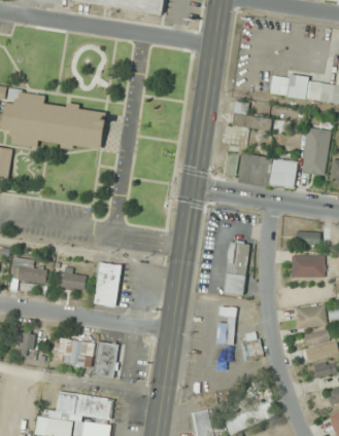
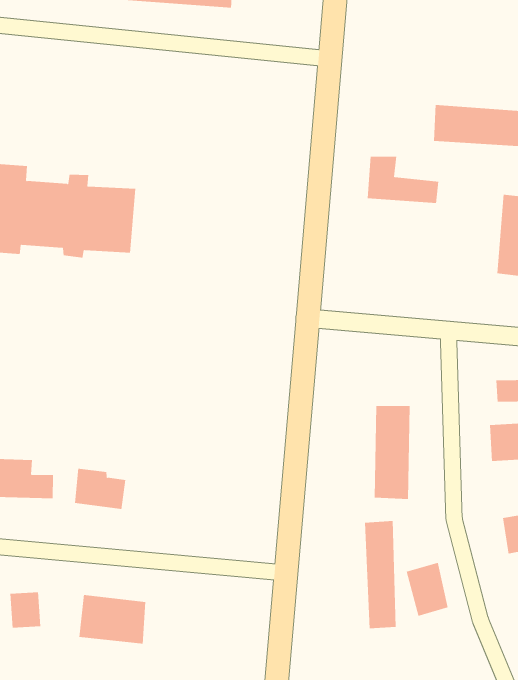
building: [238,154,297,189] -> none
building: [94,262,122,306] -> none
building: [94,342,118,378] -> none

